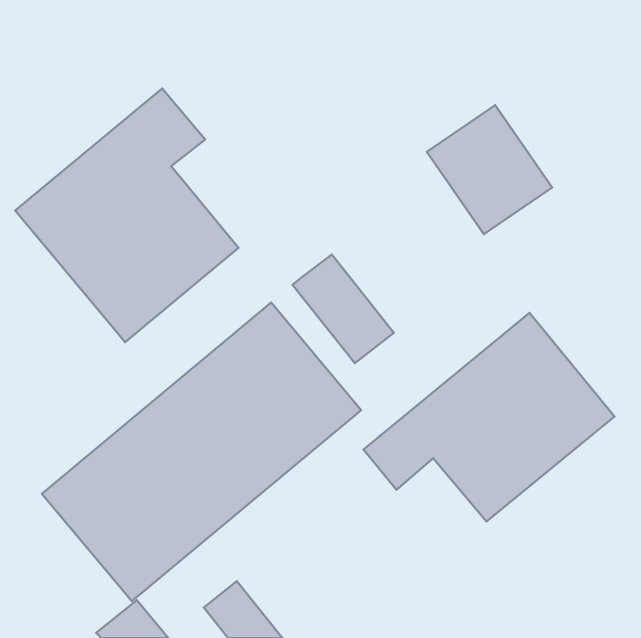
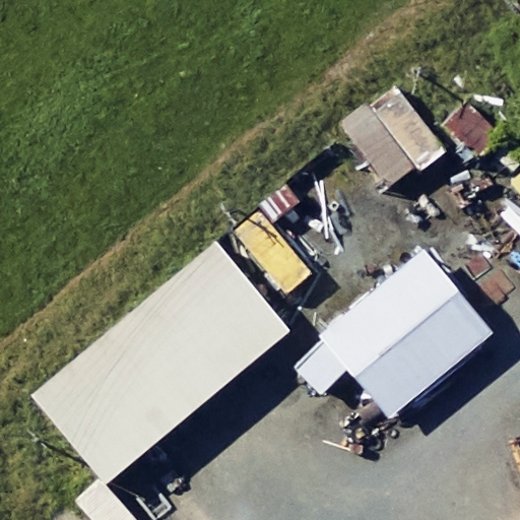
building: [15,88,238,342] -> none

